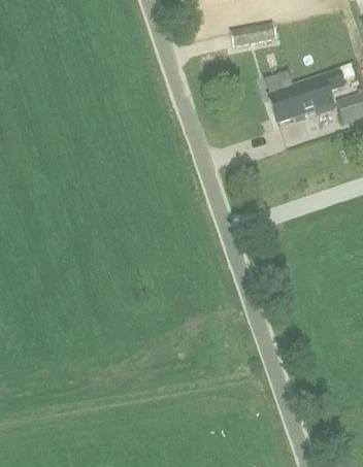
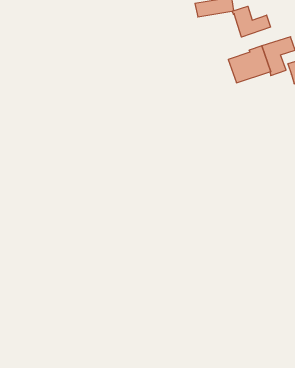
building: none -> [232,6,270,37]

